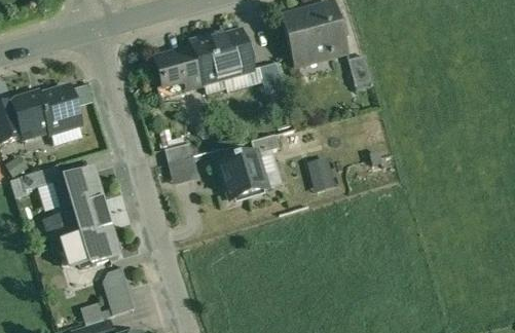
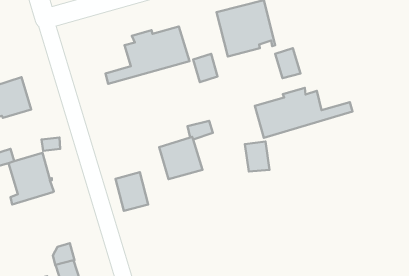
building: [154,51,188,82] -> none
building: none -> [255,88,353,138]
building: [169,141,205,183] -> [115,172,148,211]
building: [59,212,117,266] -> none

